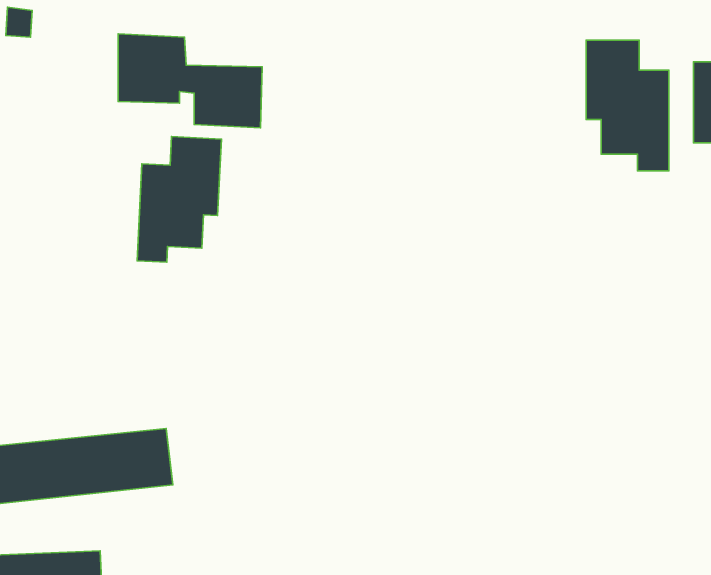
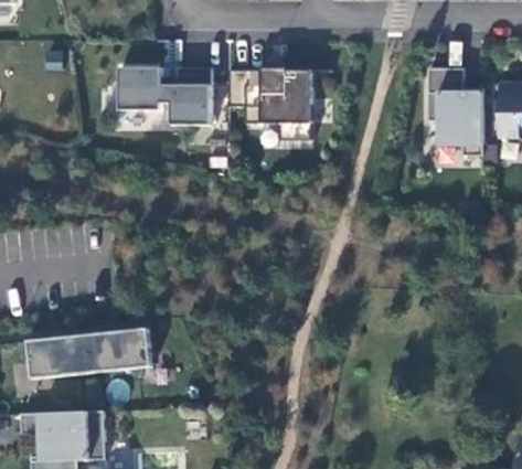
building: none -> [228,68,312,139]
building: [137,137,221,262] -> none

